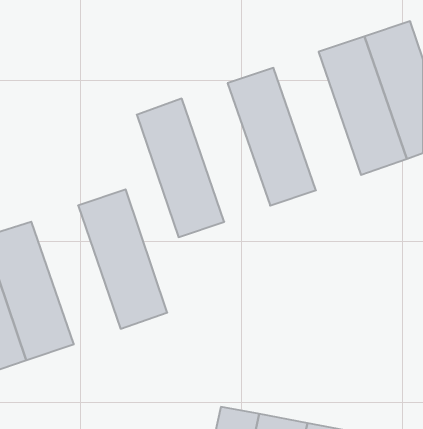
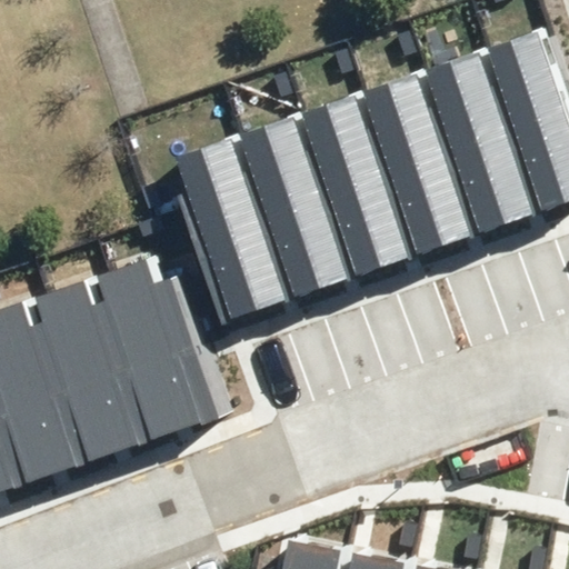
building: none -> [358,74,472,256]
building: none -> [238,116,353,297]
building: none -> [41,276,158,457]

